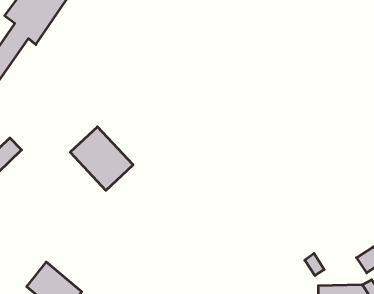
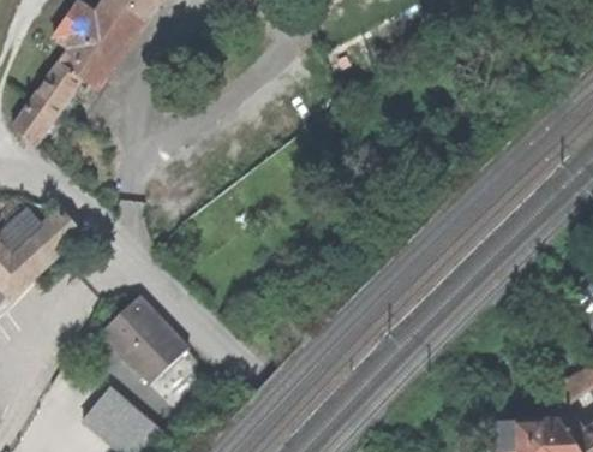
building: [70,127,133,190] -> [101,293,190,383]

